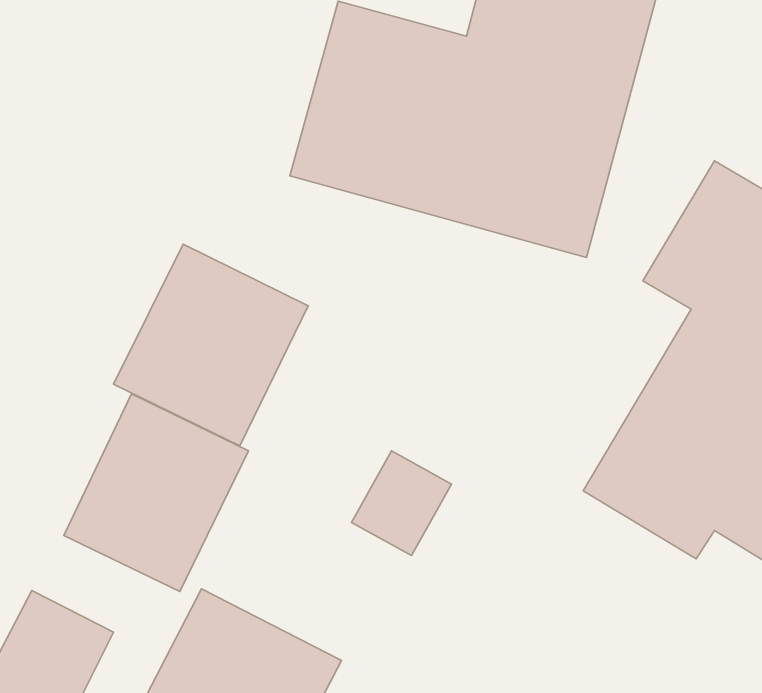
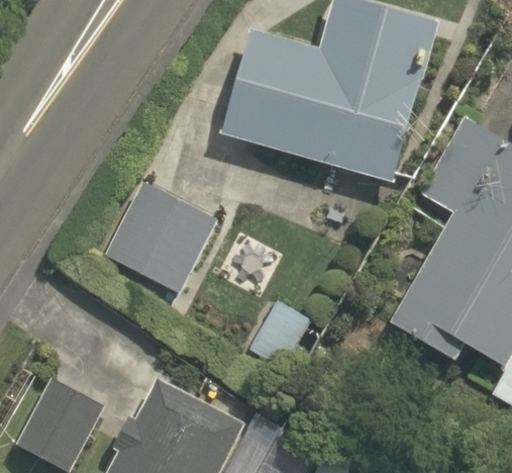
building: [64,394,248,591] -> none

